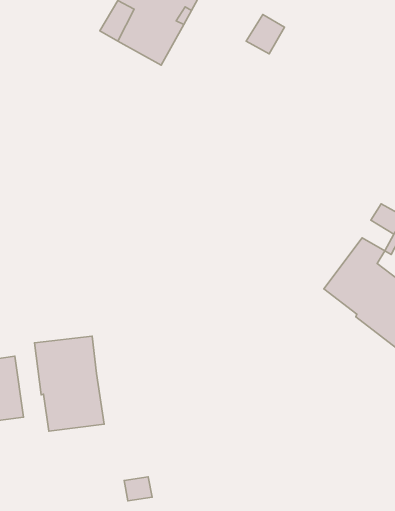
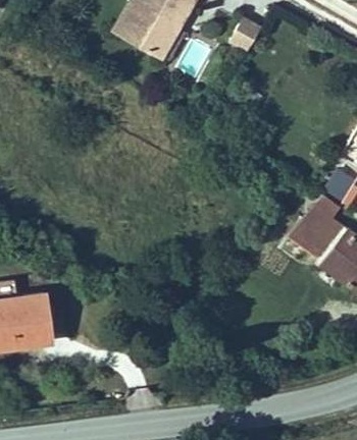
building: [34,336,104,431] -> none

